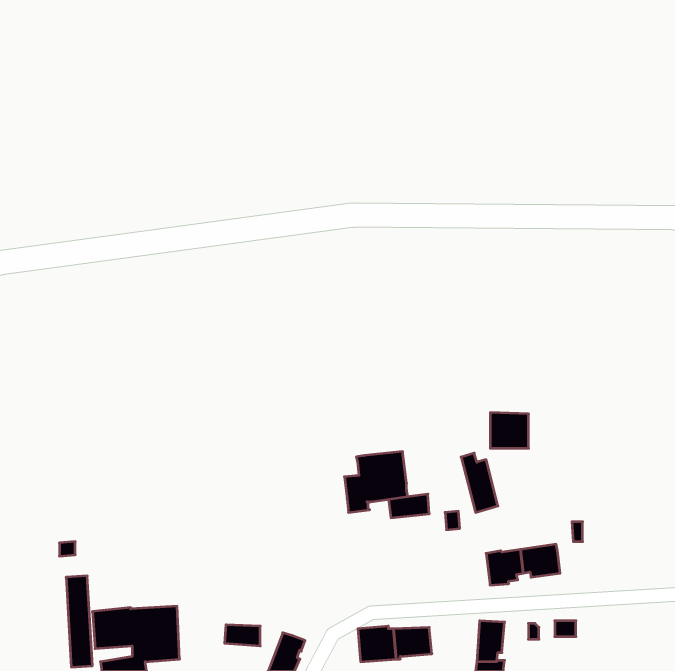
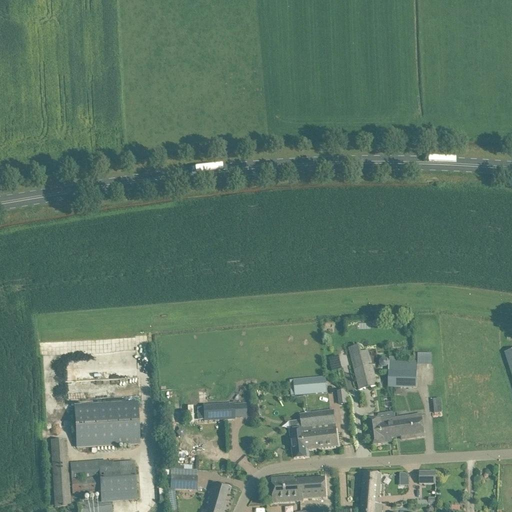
building: [490,413,529,448] -> [388,358,417,385]
building: [344,452,408,512] -> [291,410,339,456]
building: none -> [74,399,140,446]
building: none -> [204,401,233,417]

